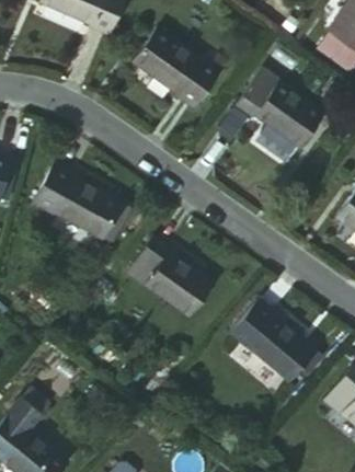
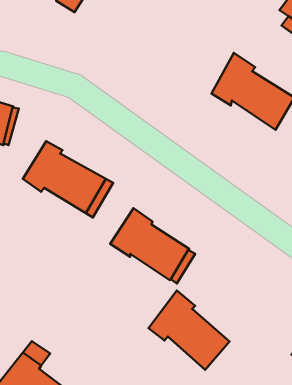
building: [135,41,221,118] -> none
building: [222,300,310,385] -> [148,291,230,370]

